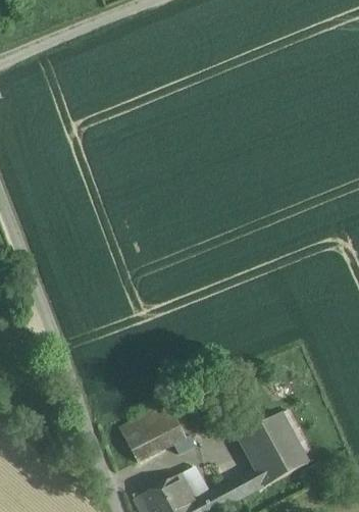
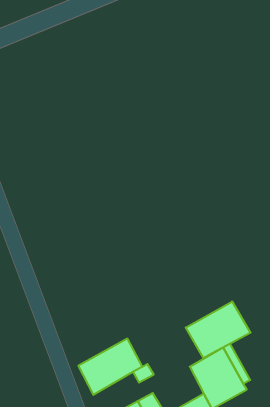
building: none -> [186,301,251,358]

